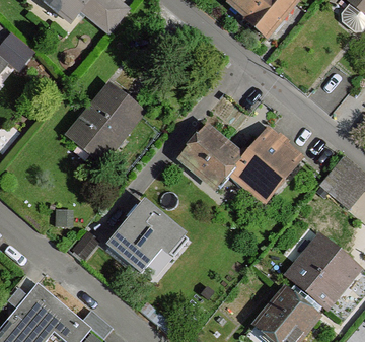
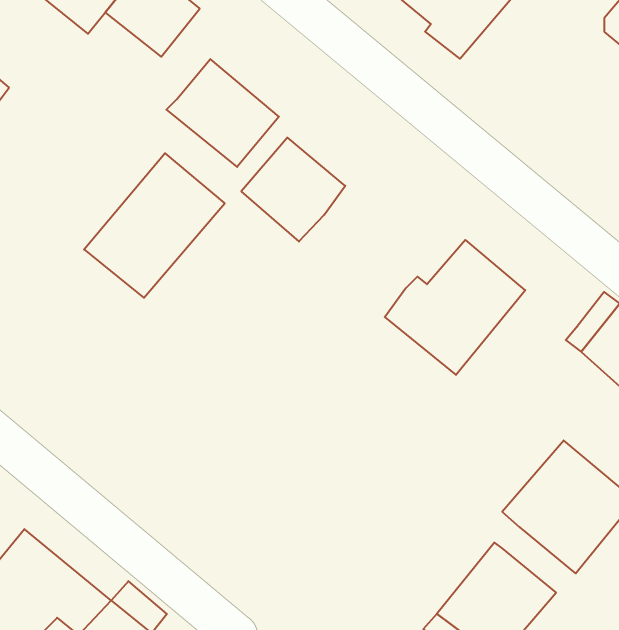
building: none -> [166,59,279,167]
building: [182,130,237,185] -> [241,138,345,242]
building: [103,200,186,276] -> none

